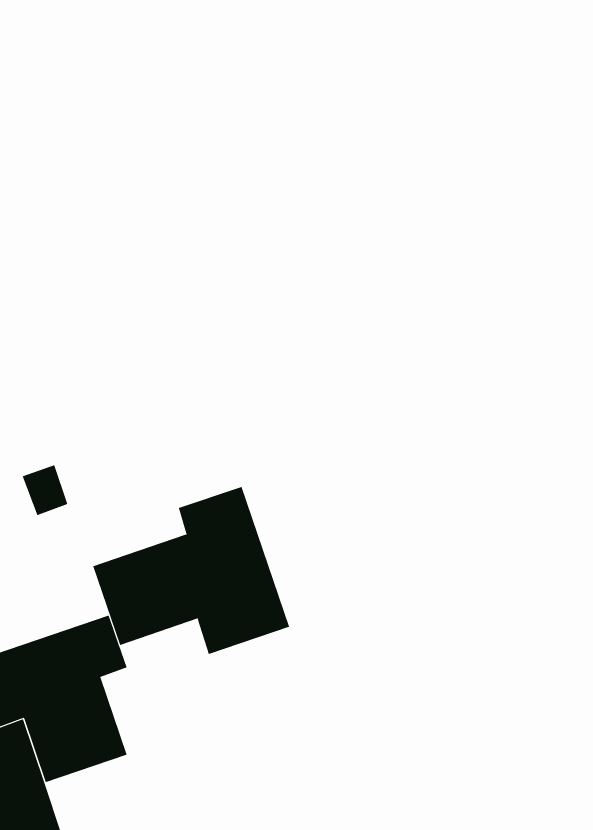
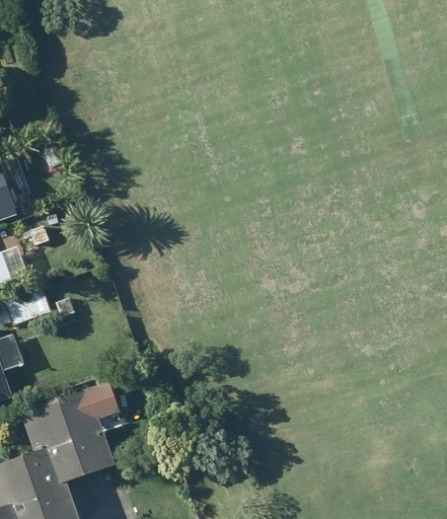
building: [93,486,290,655] -> none

